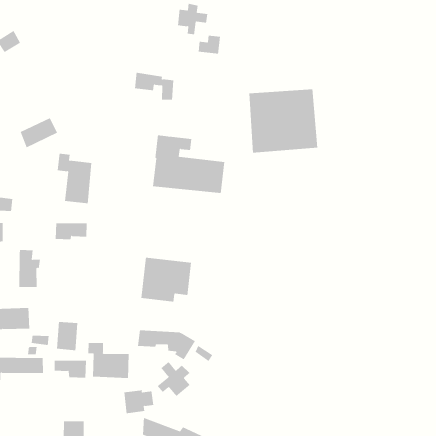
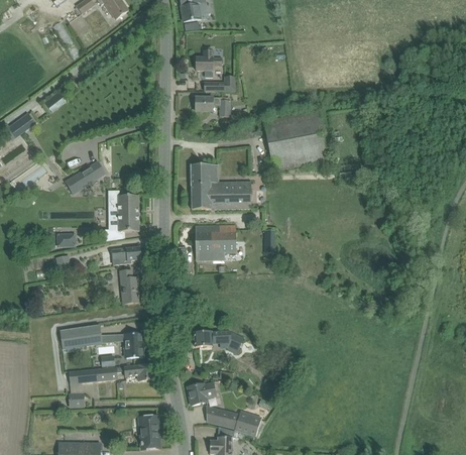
building: [134,72,174,100] -> [195,96,229,117]
building: [18,250,41,288] -> [119,269,138,303]
building: [140,257,192,302] -> [195,224,235,259]
building: [88,342,129,379] -> none
building: [157,361,191,397] -> none

